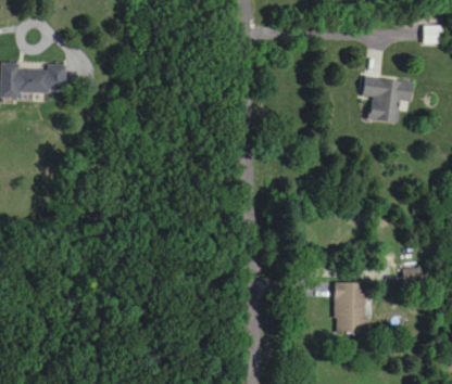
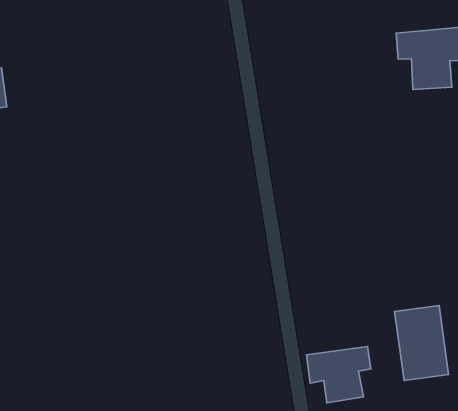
building: none -> [306,347,371,403]

